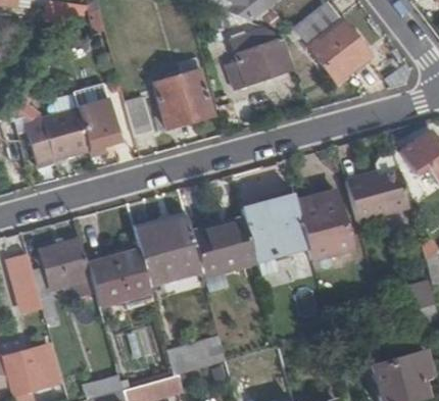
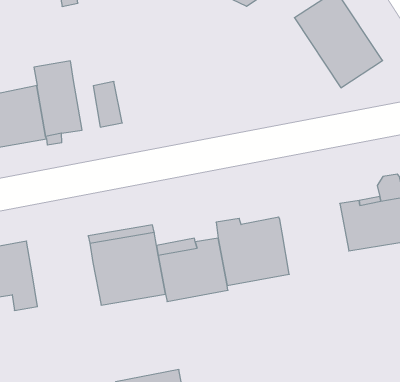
building: [227,29,295,87] -> none
building: [154,69,213,128] -> none
building: [295,189,354,261] -> none
building: [88,251,150,306] -> none

